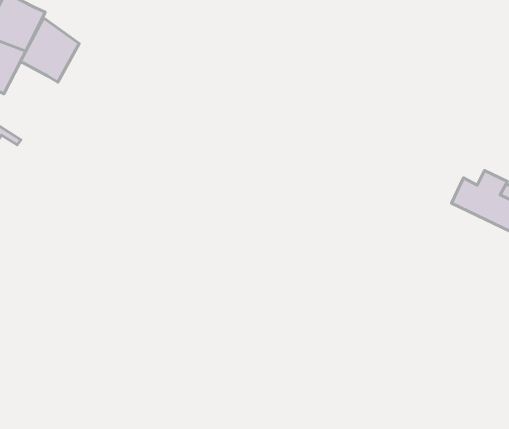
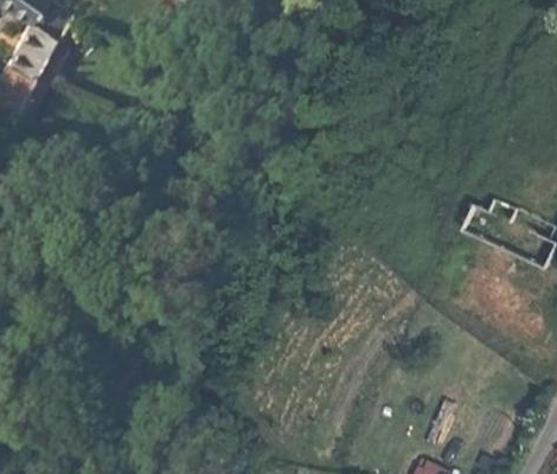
building: [20,18,79,82] -> none

